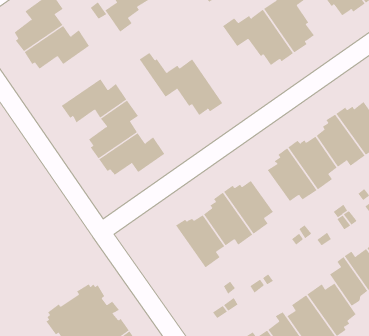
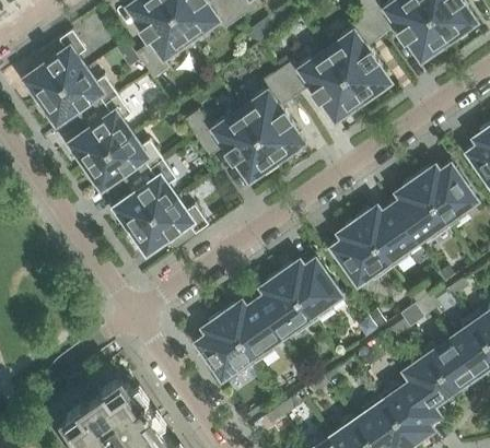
building: none -> [241,72,302,165]
building: none -> [70,96,131,168]
building: none -> [195,313,256,378]

